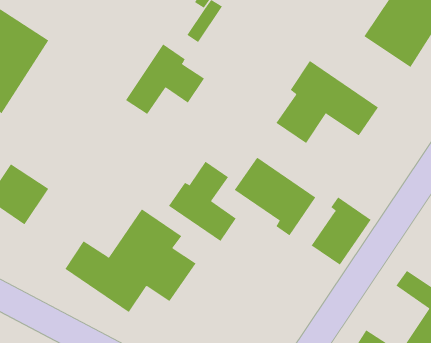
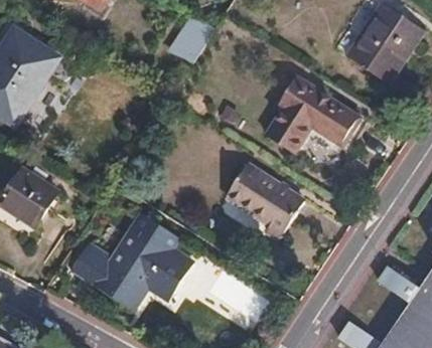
building: [125,43,205,115] -> none
building: [168,161,237,242] -> none
building: [311,196,372,265] -> none

